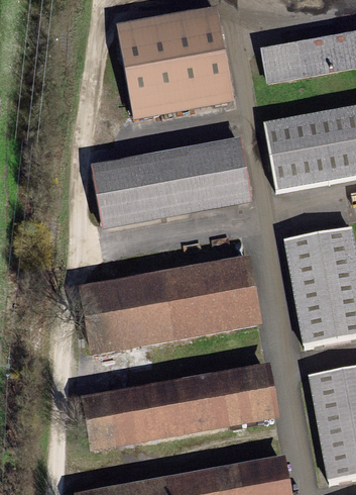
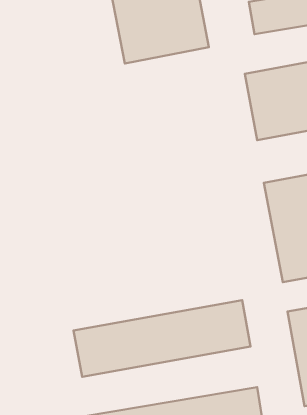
building: [95,140,245,221] -> none
building: [82,261,253,353] -> none

